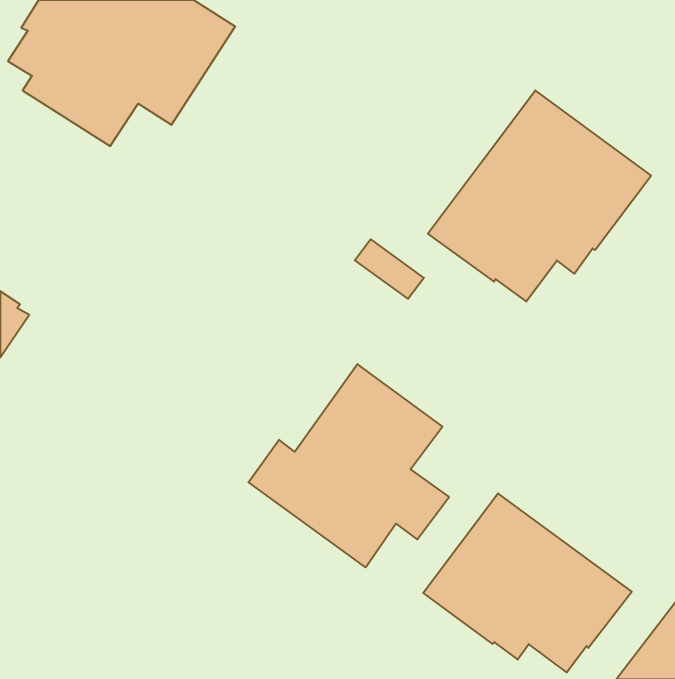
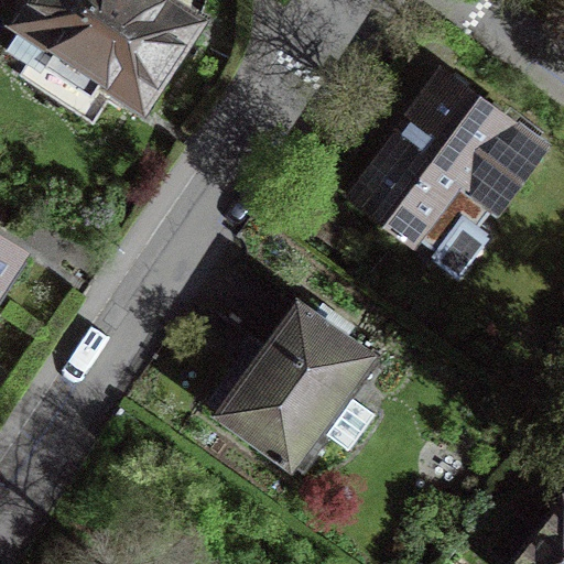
building: [423,493,632,672] -> none

